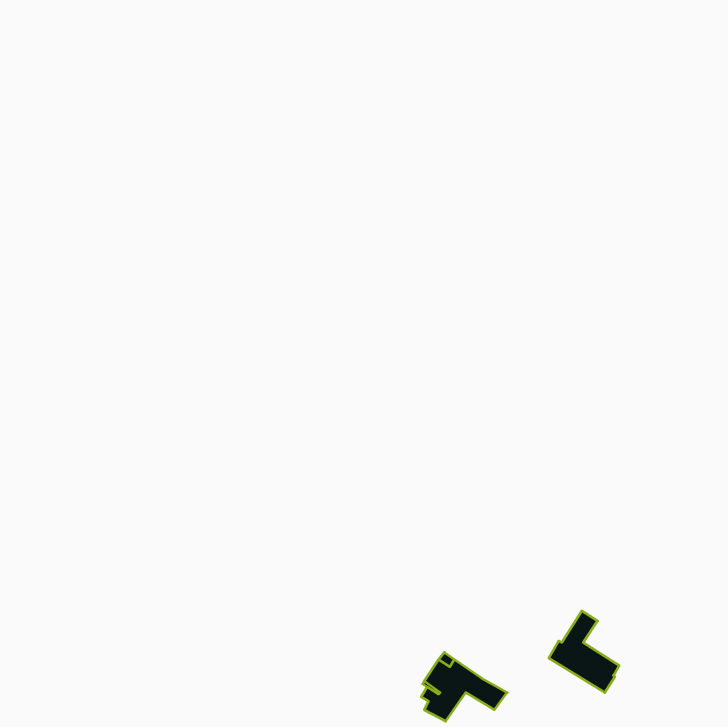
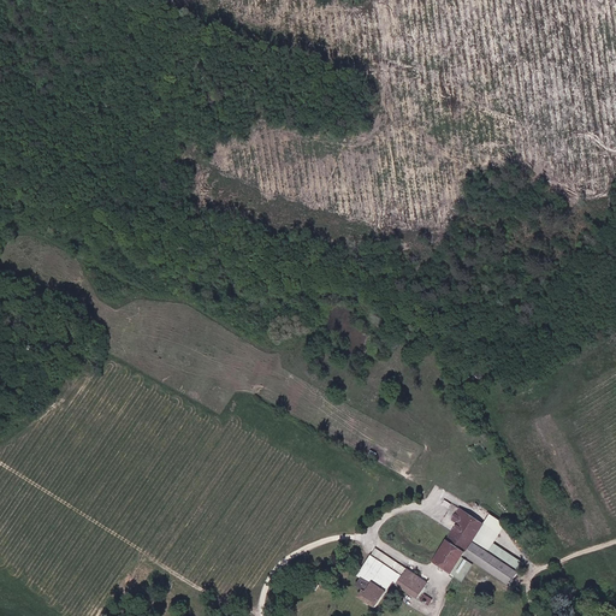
building: none -> [431,505,479,578]

